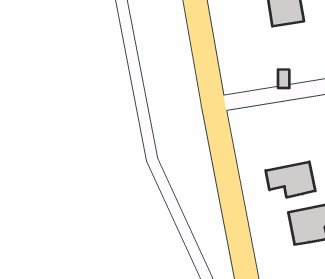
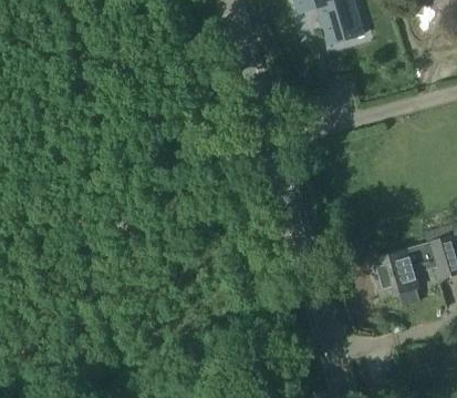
building: [266,162,315,197] -> none

